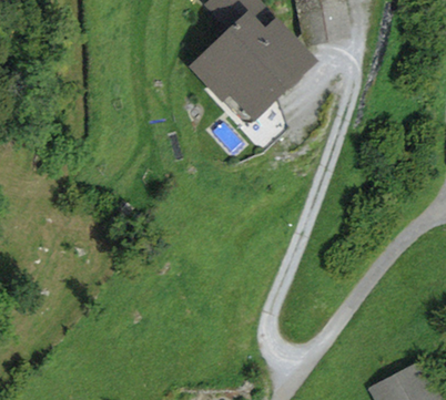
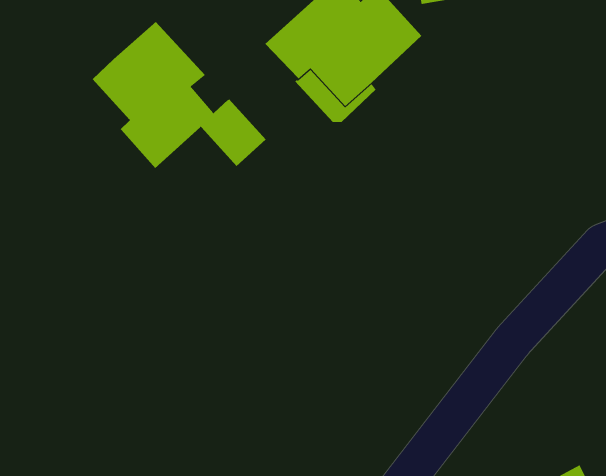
building: none -> [92,21,266,169]

